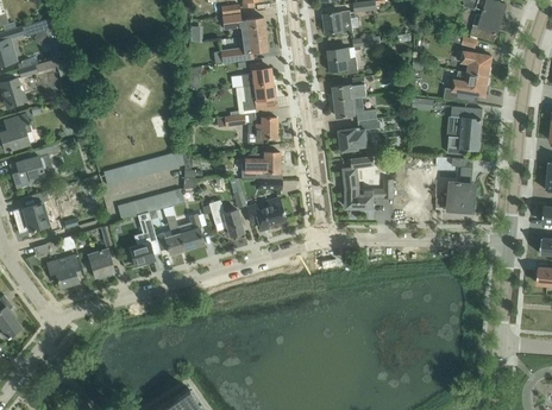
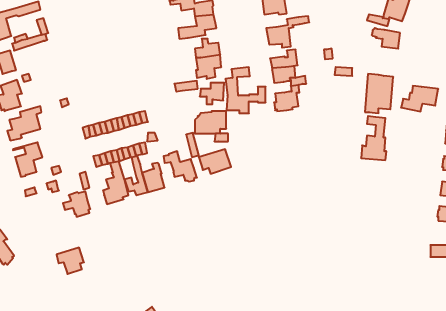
building: [443,72,488,103] -> [401,86,438,111]
building: [344,156,393,212] -> [225,67,266,113]
building: [46,256,80,288] -> [57,248,84,274]

